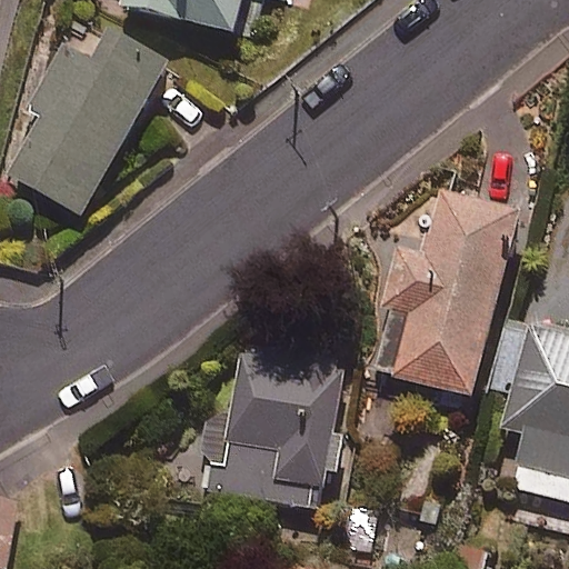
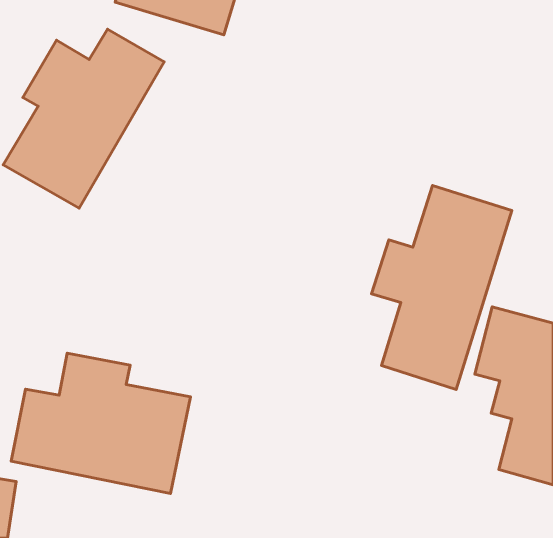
building: [202,341,347,507] -> none
building: none -> [11,353,190,493]

